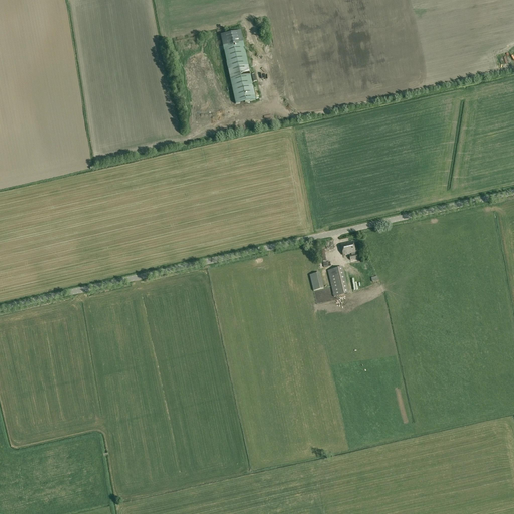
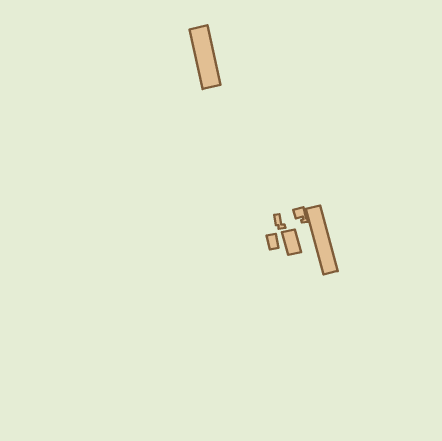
building: none -> [306,205,338,275]

